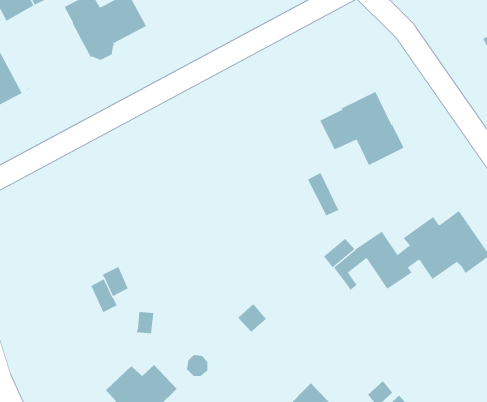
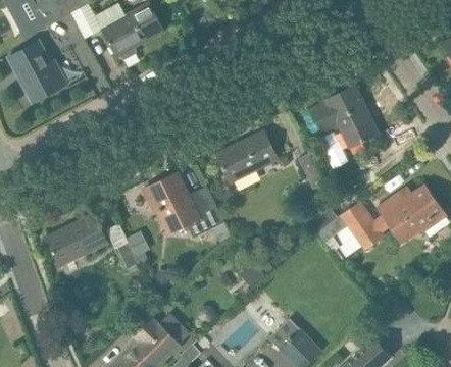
building: none -> [214,130,278,182]
building: none -> [142,172,224,237]
building: none -> [45,214,107,266]

